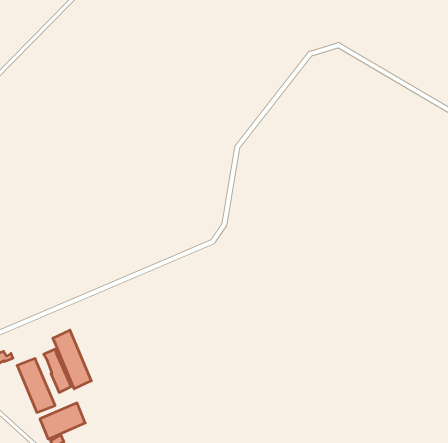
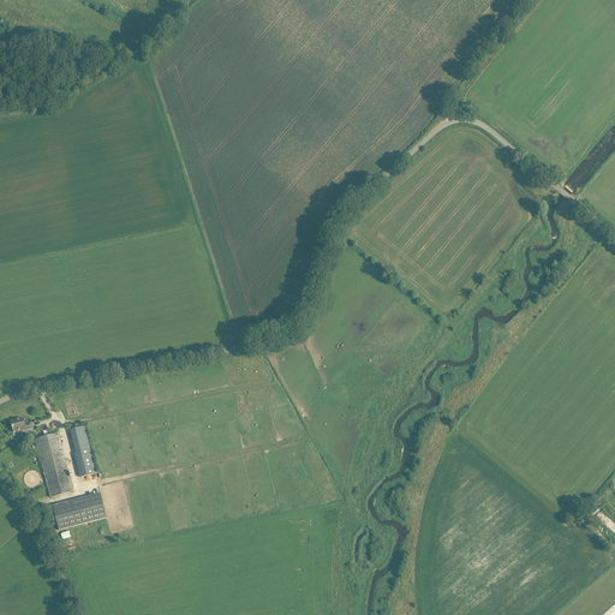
building: [53,330,91,389] -> none

